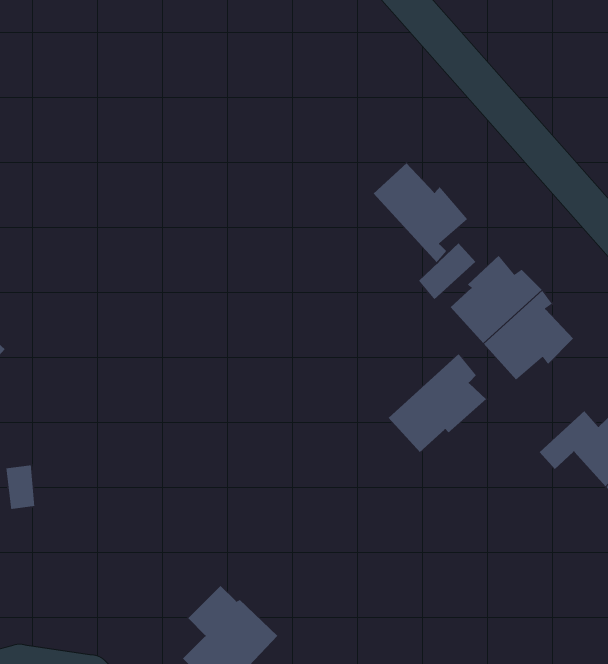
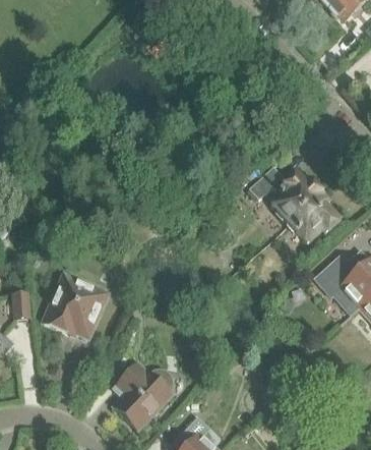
building: [373,163,468,263] -> none
building: [388,353,487,453] -> none
building: none -> [42,276,105,336]

